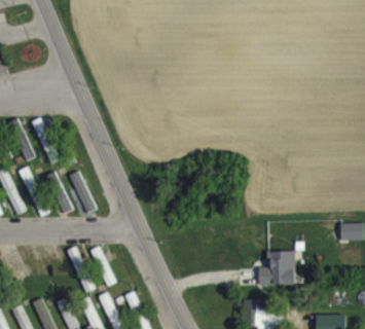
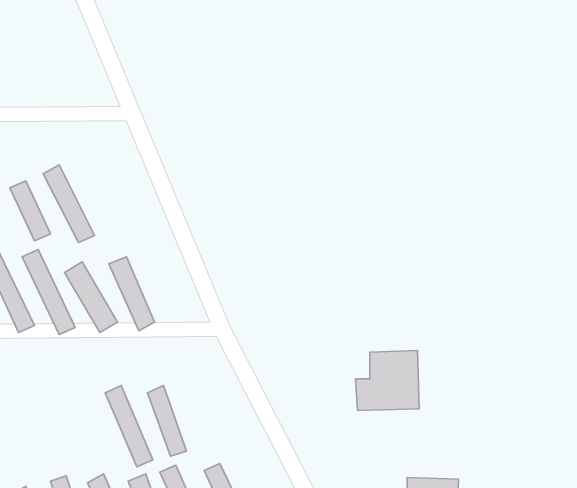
building: [259,251,296,286] -> [356,351,419,411]

